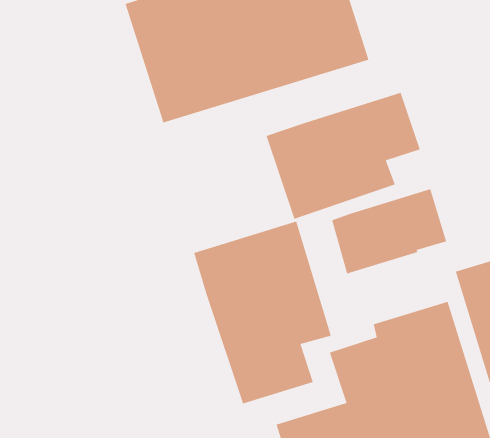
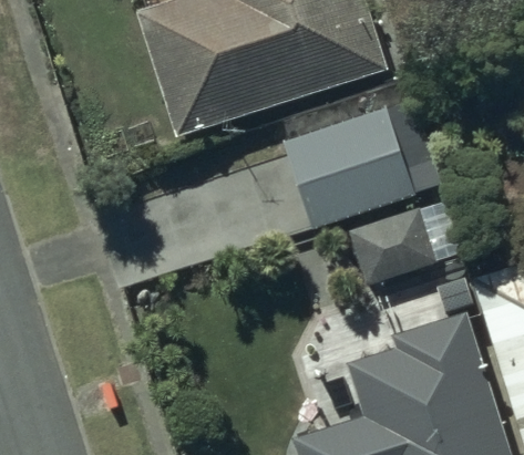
building: [193,220,332,405] -> none

